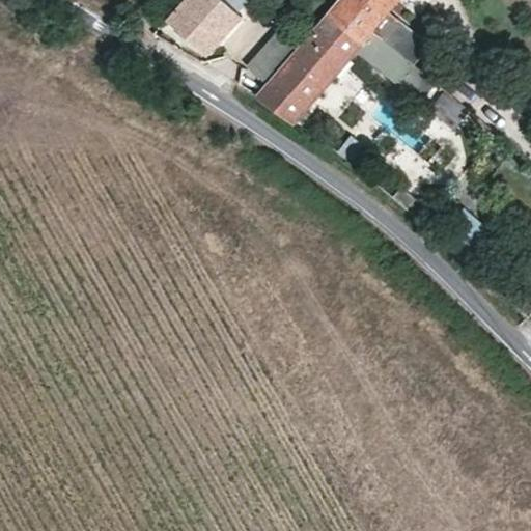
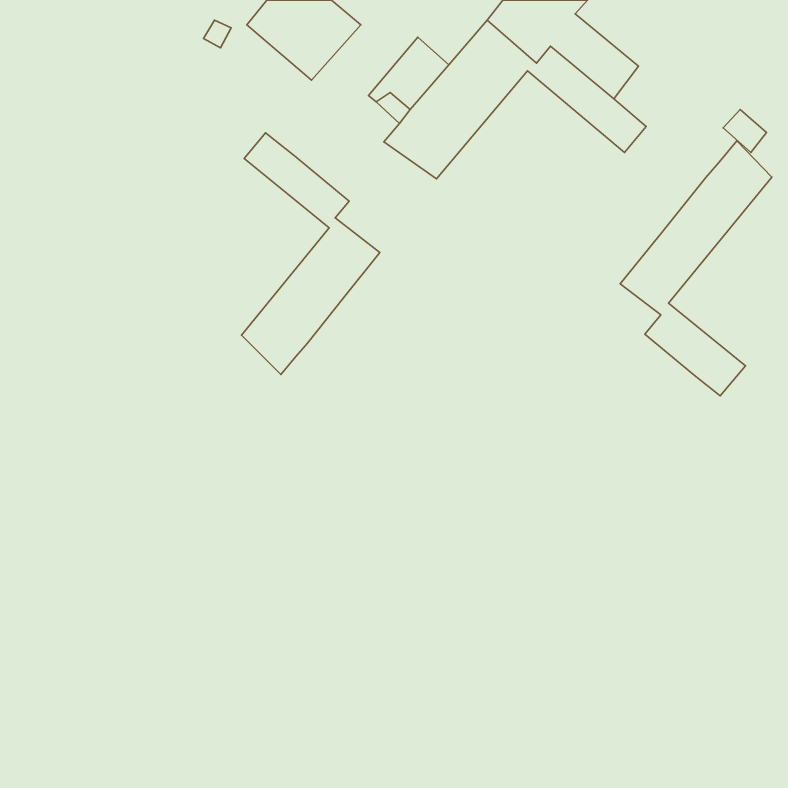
building: none -> [242,133,380,374]
building: none -> [620,141,772,396]

